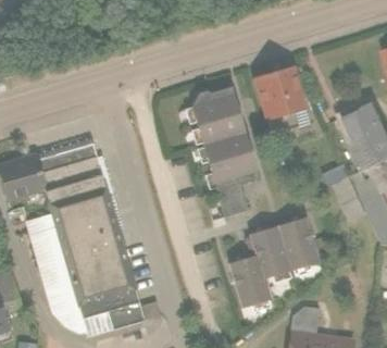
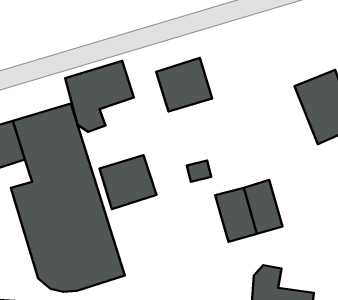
building: [255,66,308,120] -> none
building: none -> [65,61,134,132]
building: [199,126,260,184] -> [100,155,157,209]
building: [227,252,269,306] -> none

